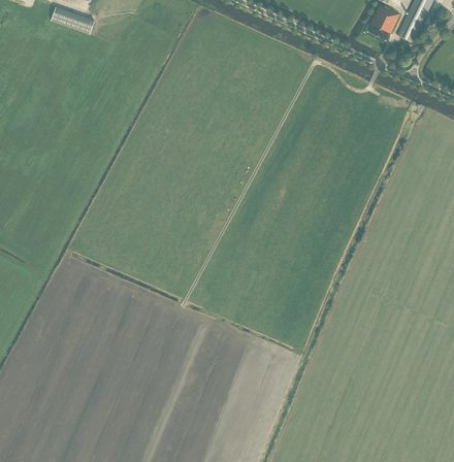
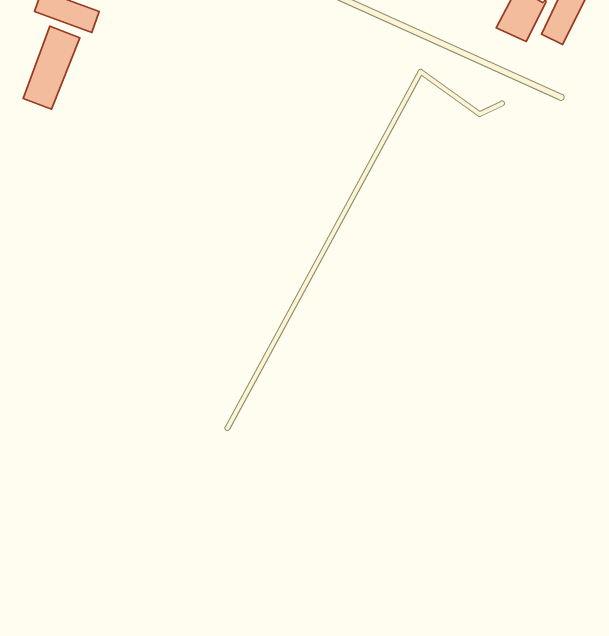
building: none -> [23,26,80,109]

